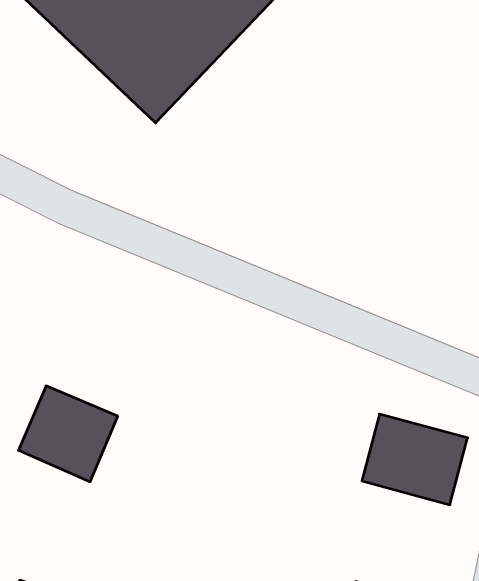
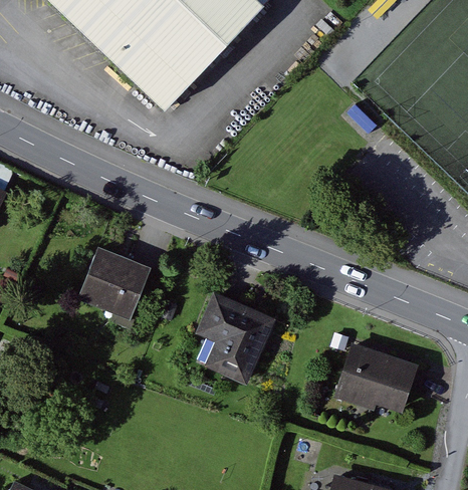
building: none -> [192,294,271,386]
building: [18,386,118,482] -> [72,246,152,322]

